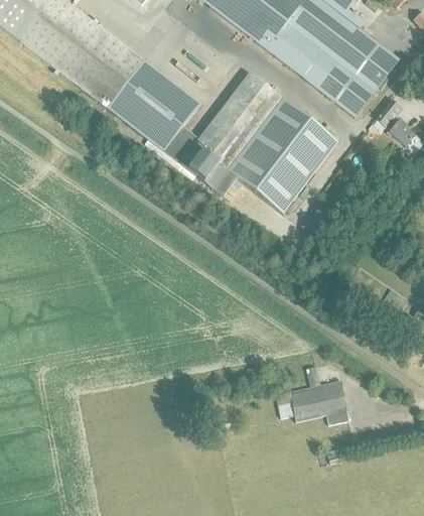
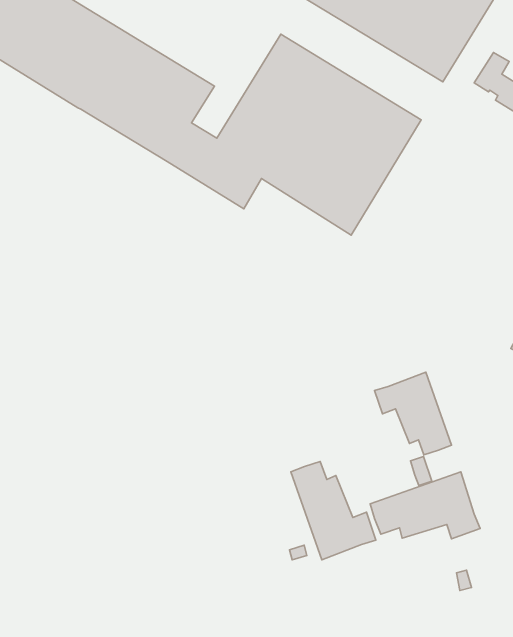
building: none -> [375,372,451,455]
building: none -> [291,462,376,560]

